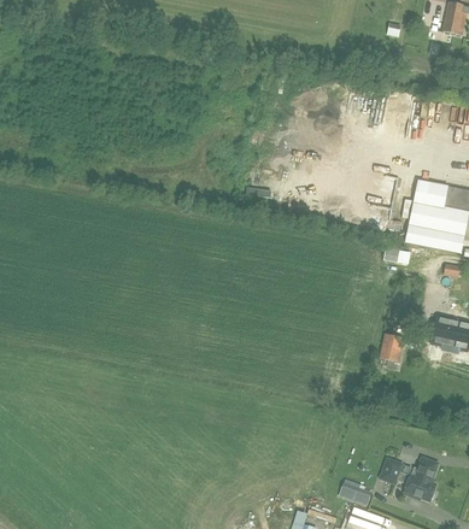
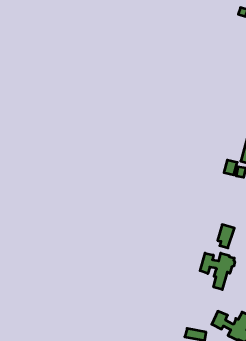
building: none -> [200,253,235,290]

